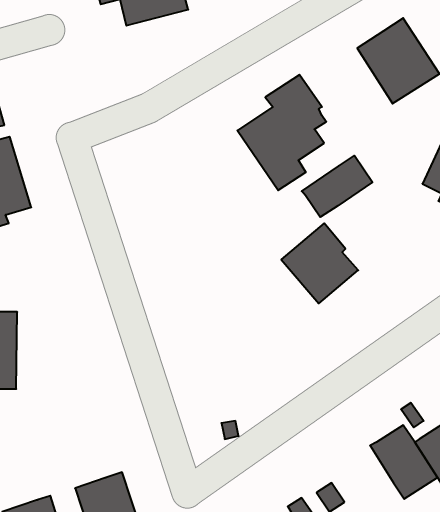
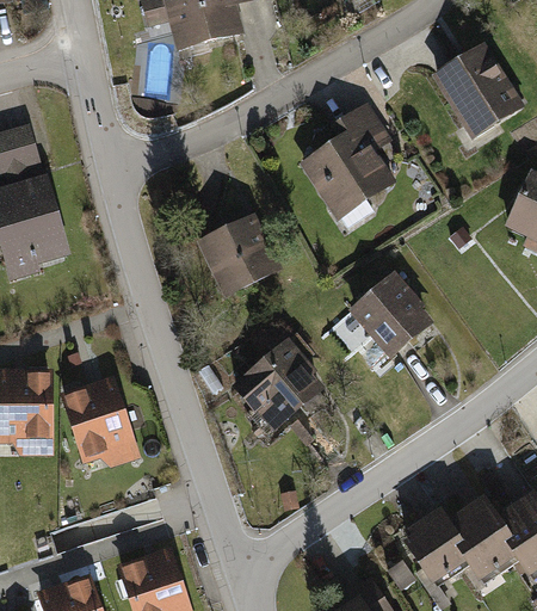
building: [302,156,372,217] -> none
building: none -> [196,211,282,296]
building: none -> [233,335,325,430]
building: none -> [60,376,140,467]
building: none -> [400,507,473,585]

